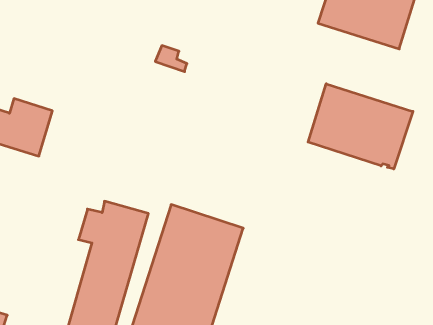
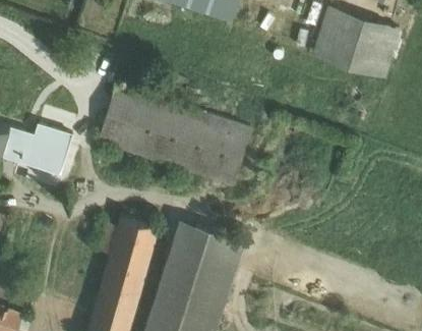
building: none -> [98,86,252,186]
building: [308,84,413,169] -> none

